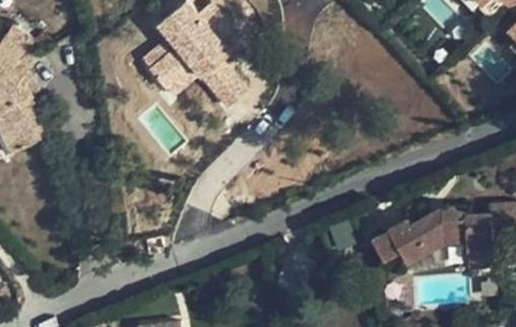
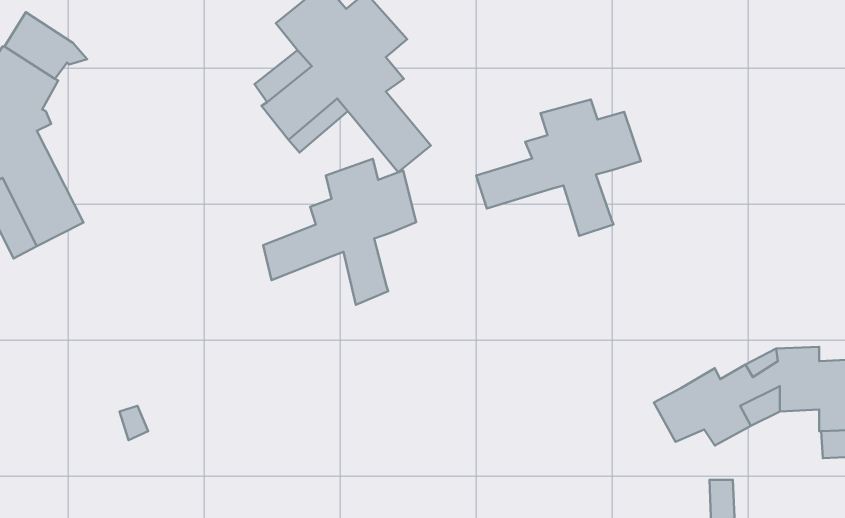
building: none -> [476,100,641,236]
building: none -> [263,159,416,305]

